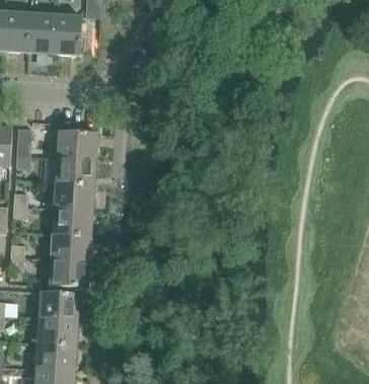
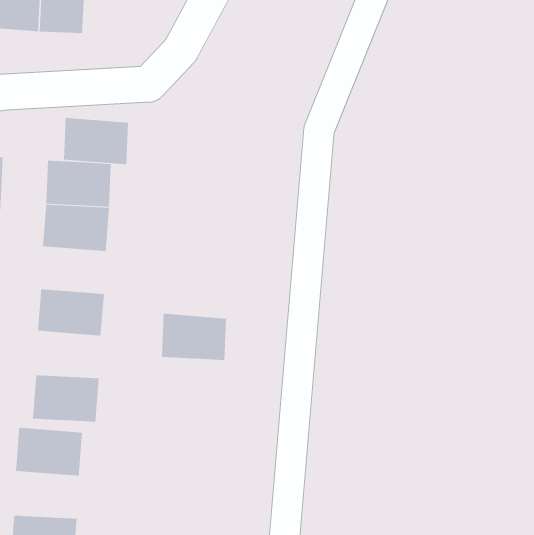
building: [54,182,93,211] -> [63,117,129,165]
building: [51,233,90,261] -> [161,313,227,361]
building: [38,317,77,345] -> none

